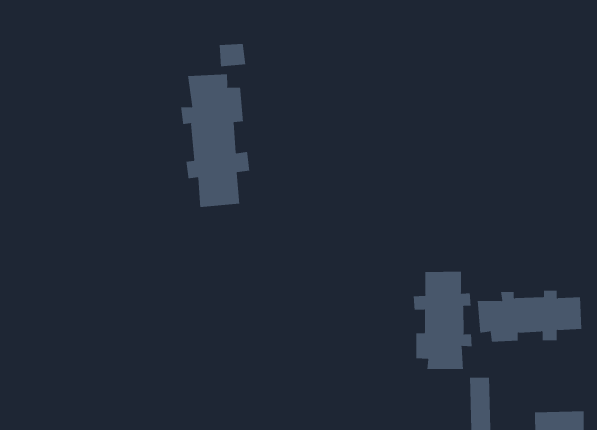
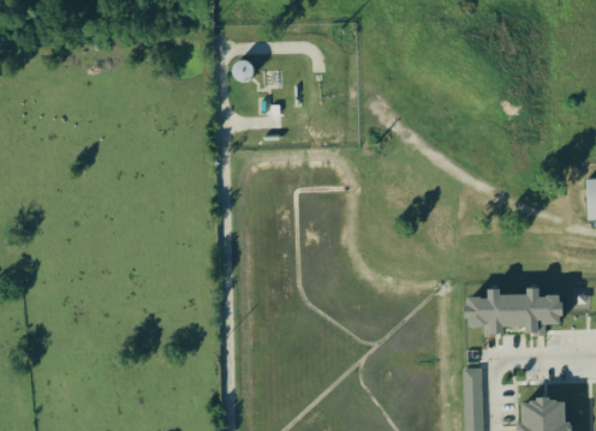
building: [180,74,250,208] -> none
building: [413,271,472,370] -> none

